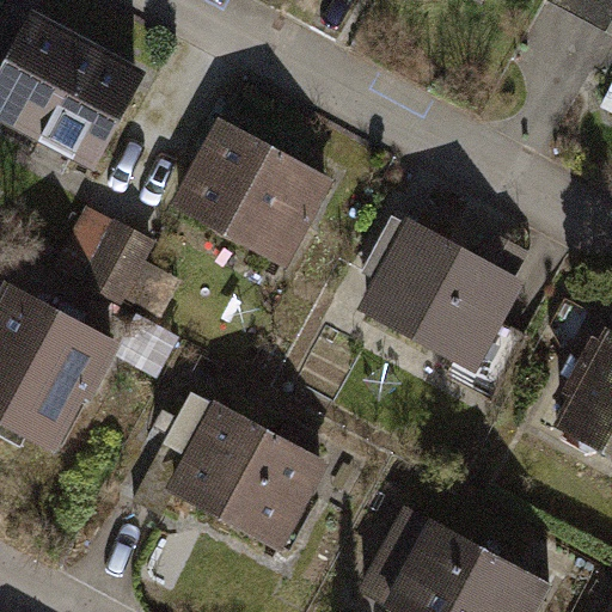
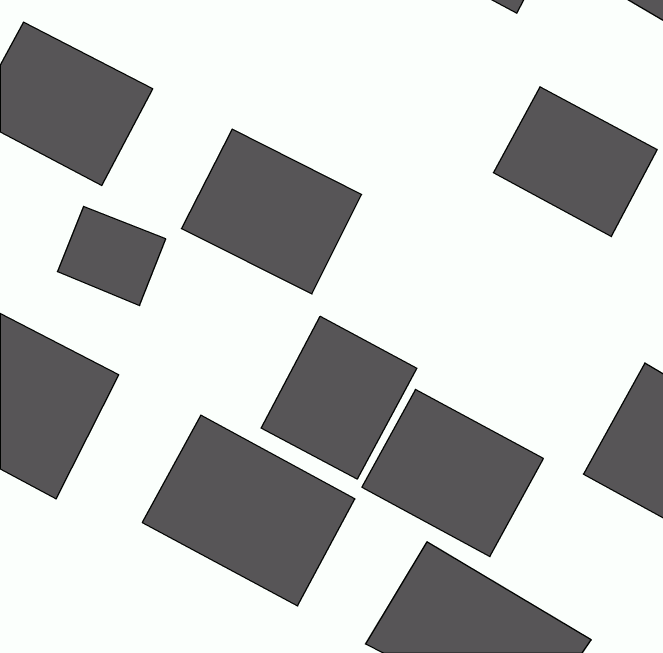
building: none -> [493,87,657,237]
building: [359,219,525,372] -> [362,389,543,557]
building: none -> [261,316,417,479]

